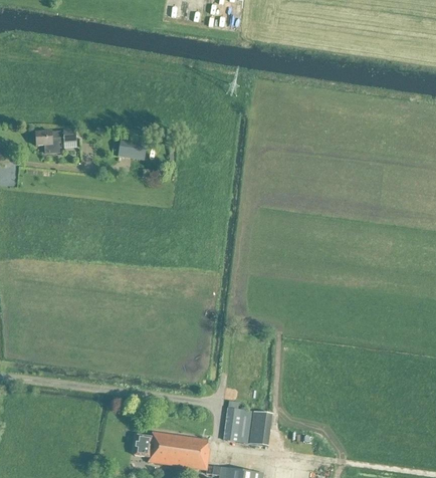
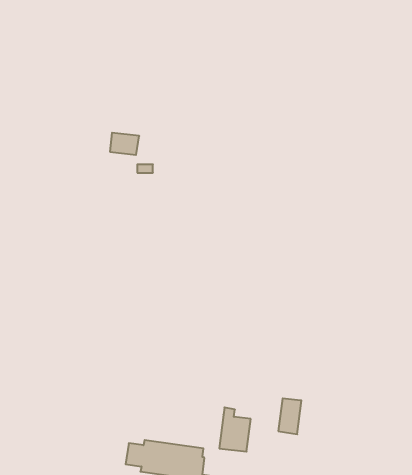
building: [35,130,76,154] -> none
building: [250,412,272,446] -> [278,398,301,434]

